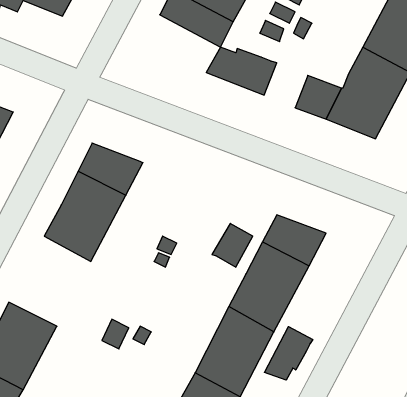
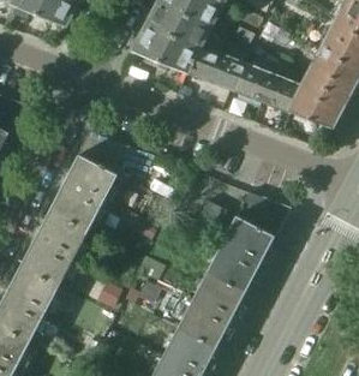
building: none -> [132,23,198,72]
building: none -> [235,64,273,102]
building: none -> [18,211,88,288]
building: [264,327,313,380] -> none

